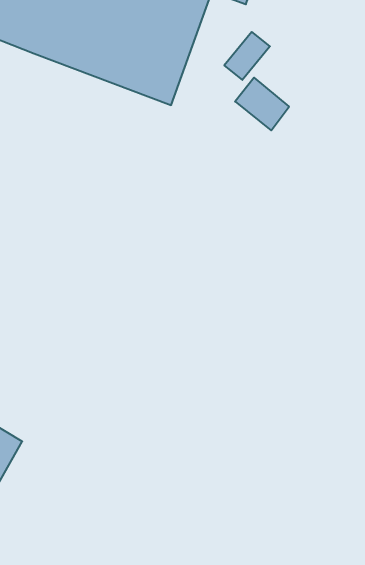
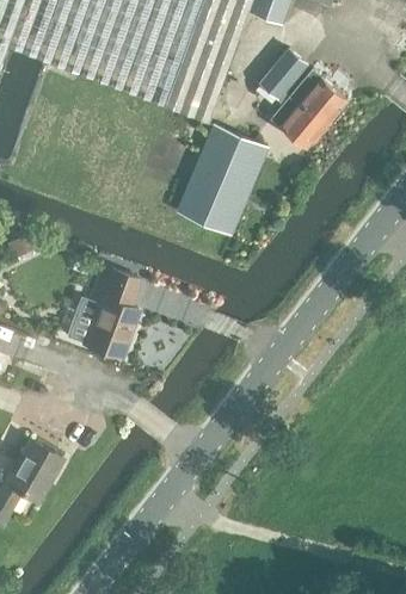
building: none -> [291,70,347,124]
building: none -> [178,125,266,235]
building: none -> [67,267,137,357]

